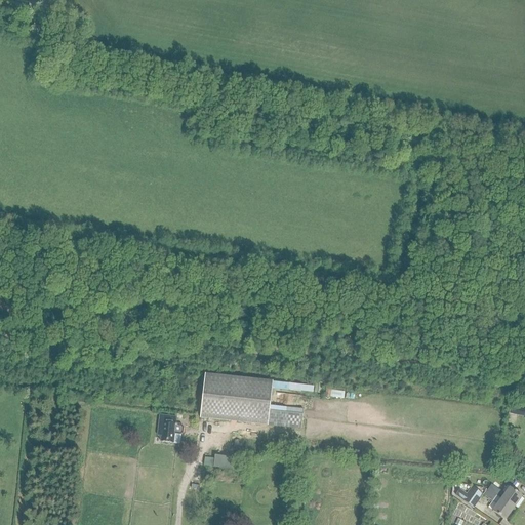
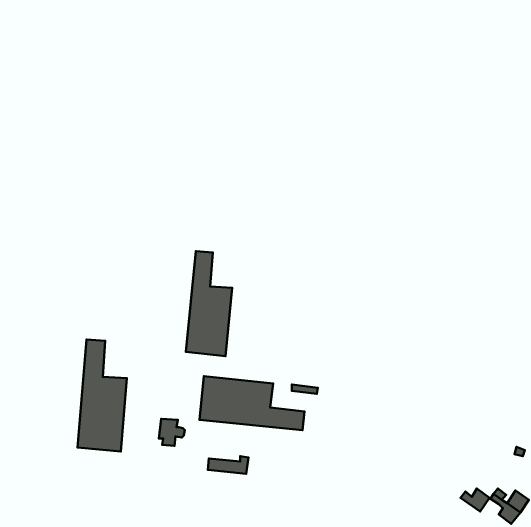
building: none -> [186,251,232,356]
building: none -> [78,339,127,451]

